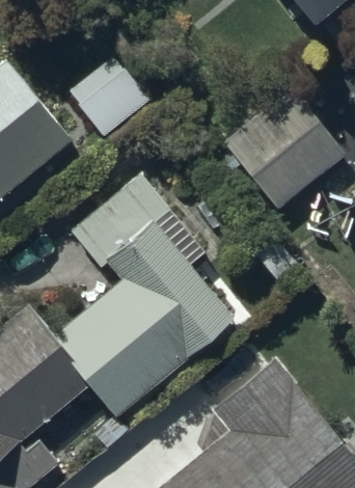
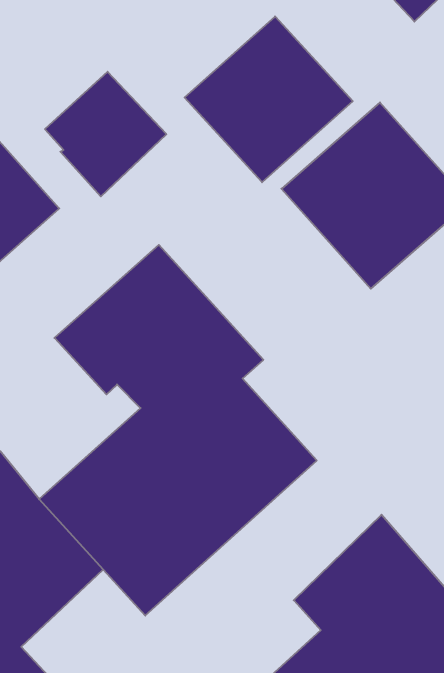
building: none -> [185,16,353,182]

